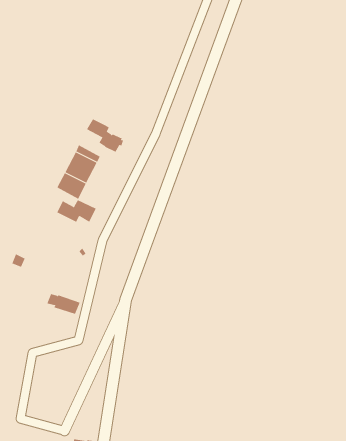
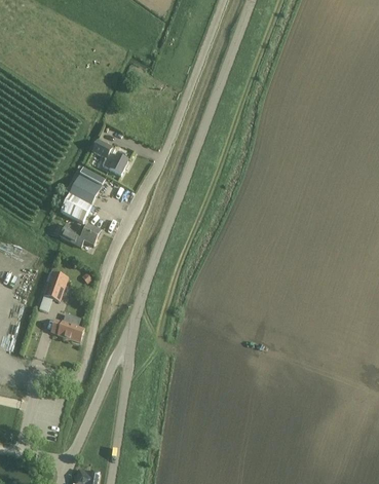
building: none -> [39,271,68,305]

